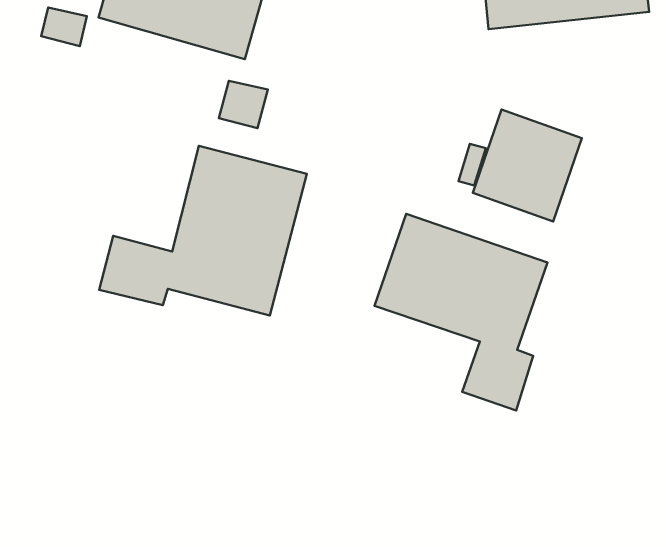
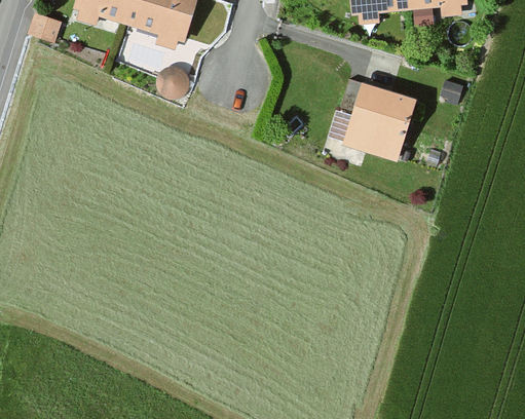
building: [99,146,307,315] -> none
building: [374,214,547,410] -> none

